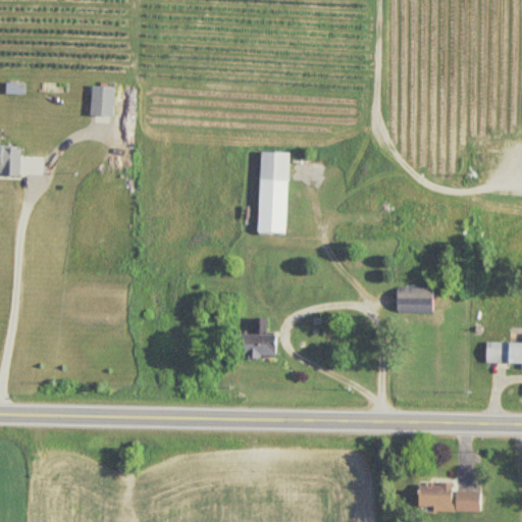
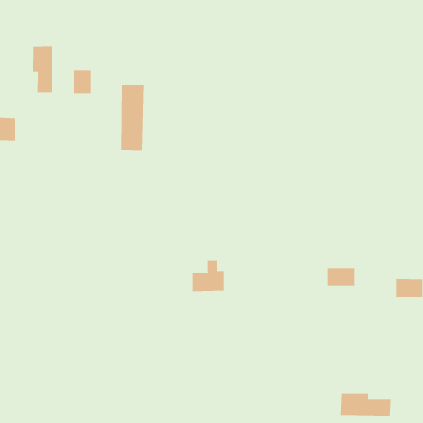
building: none -> [33,46,53,93]
building: [258,152,288,233] -> [120,84,145,151]
building: [397,289,431,311] -> [327,268,355,286]

